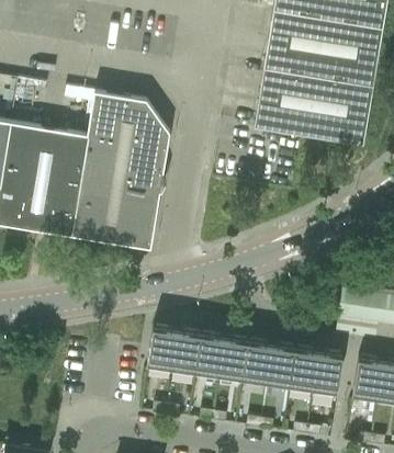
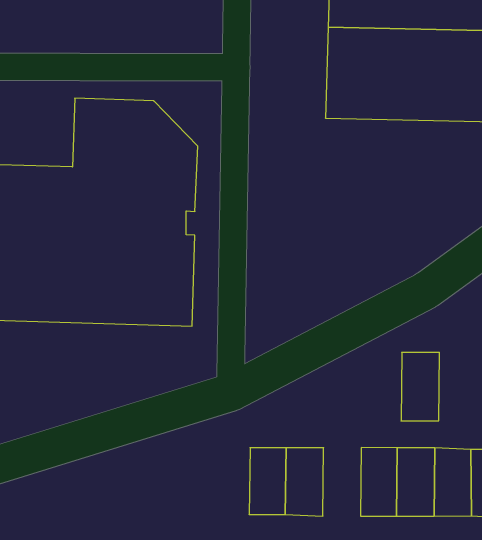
building: [146,326,177,373] -> none
building: [217,337,248,384] -> [401,352,439,421]

